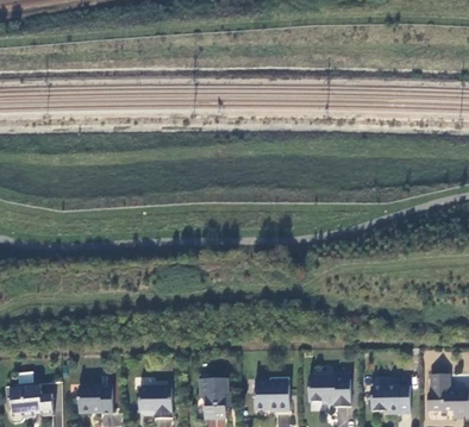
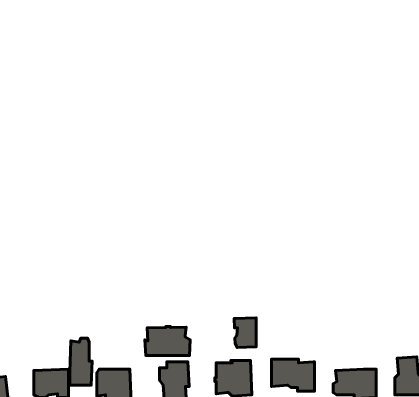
building: none -> [234,318,256,348]
building: none -> [145,326,190,355]
building: none -> [70,338,92,385]

